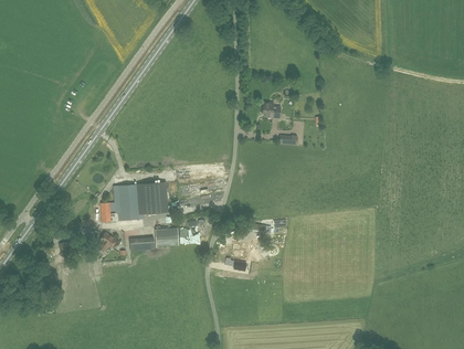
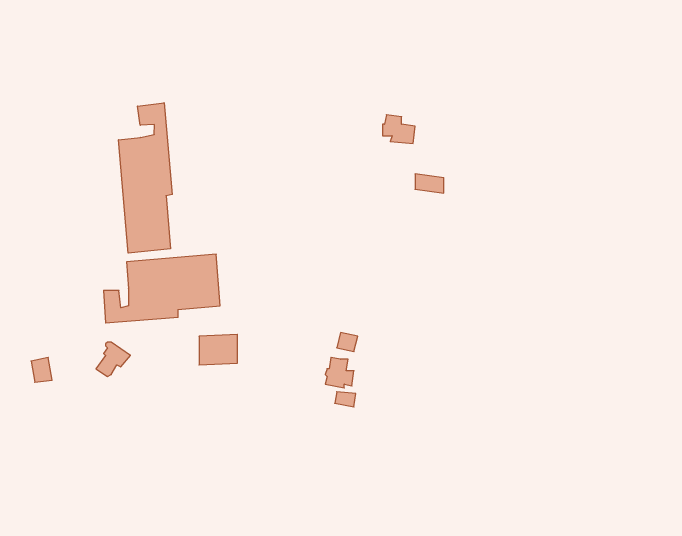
building: none -> [119,103,172,253]

